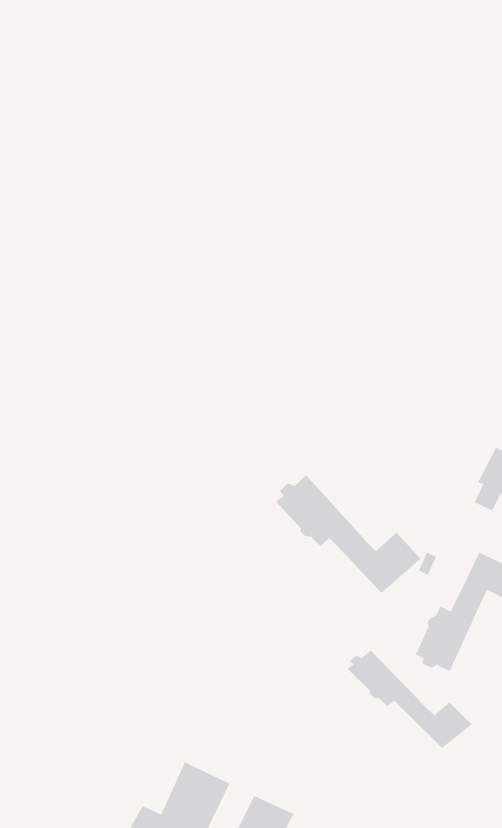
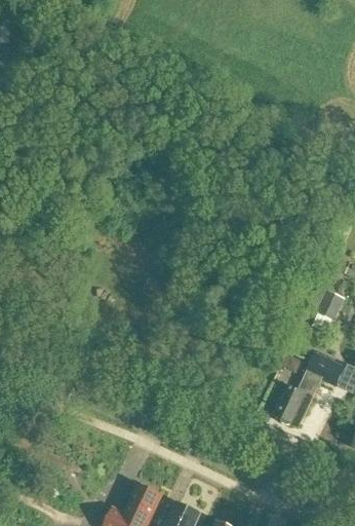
building: [275,475,422,594] -> none
building: [347,650,472,749] -> none

